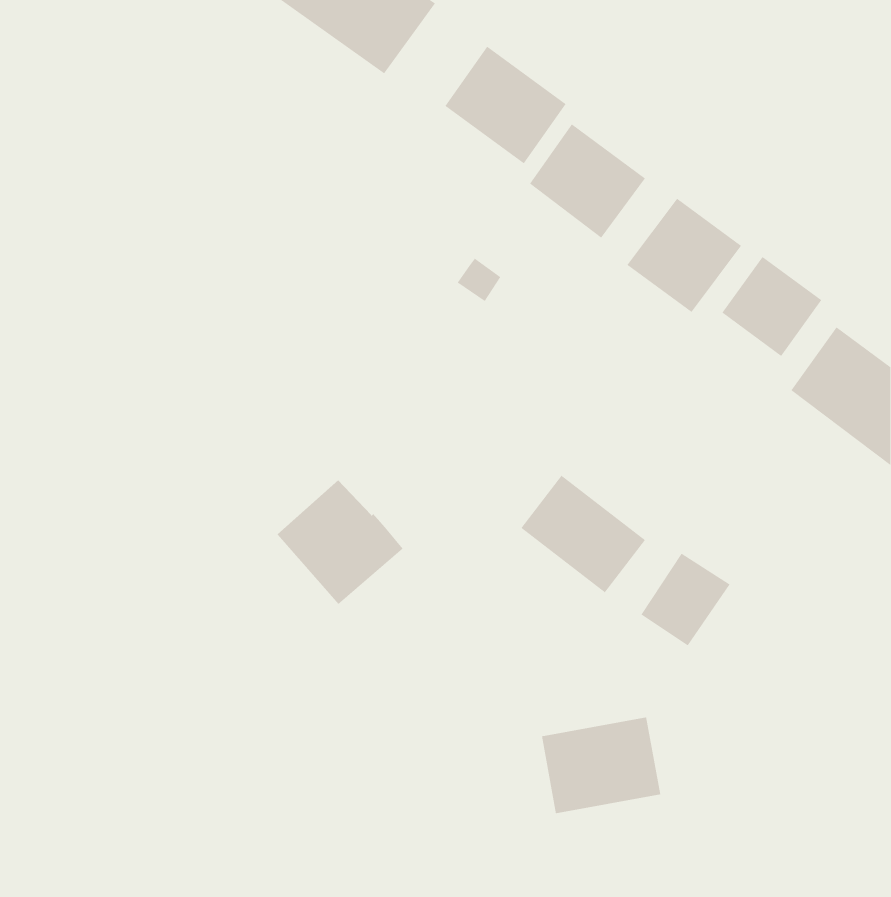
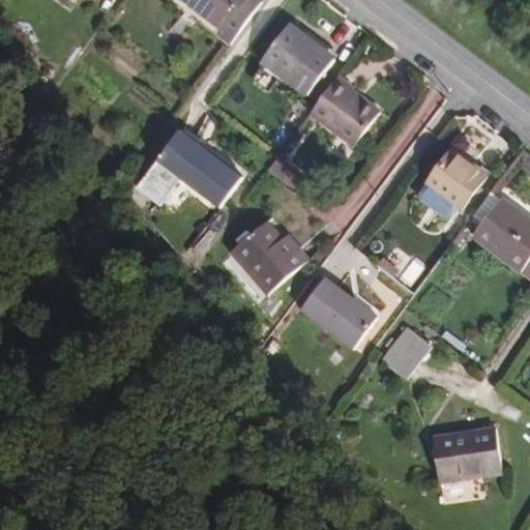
building: [627,198,742,313] -> none
building: none -> [136,134,243,213]
building: [276,480,403,605] -> [237,213,312,287]
building: [541,717,661,814] -> [432,424,502,481]

